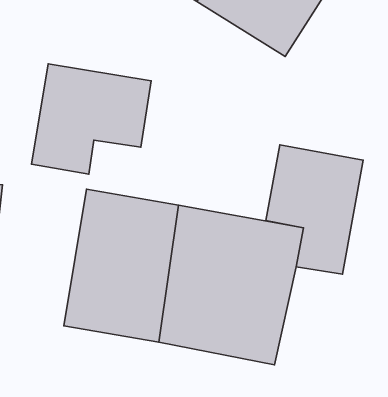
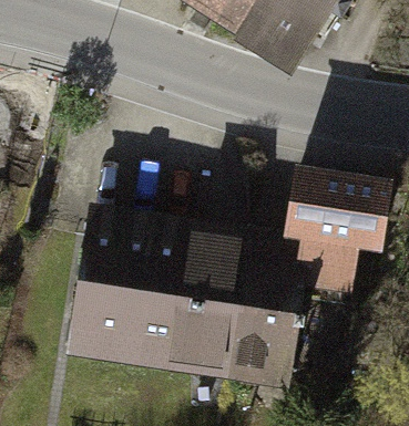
building: [32,64,151,174] -> none

